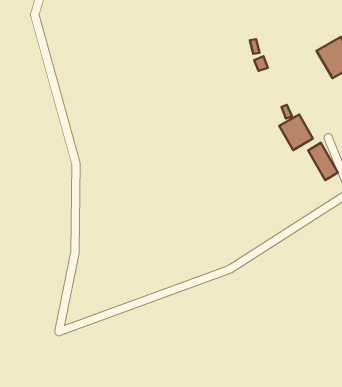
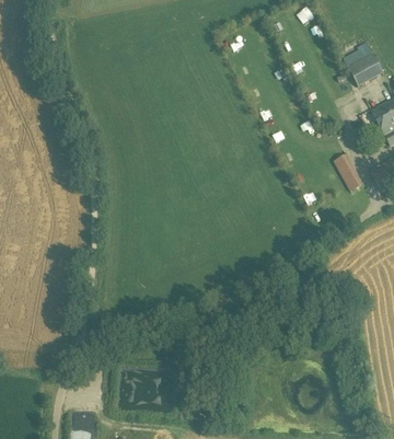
building: [279,114,313,150] -> none

